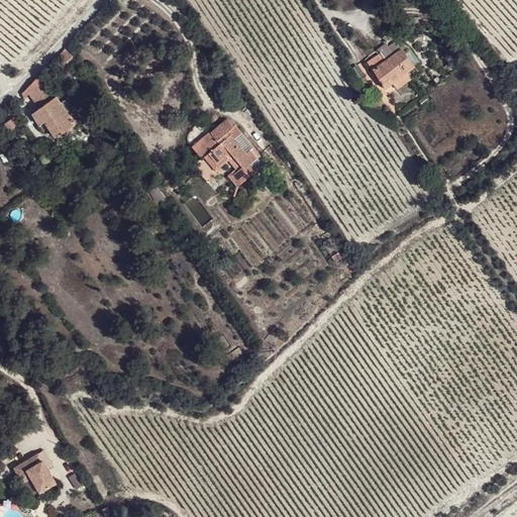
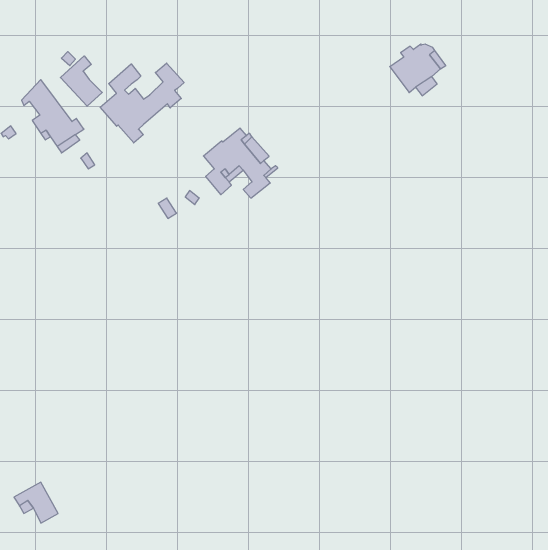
building: none -> [60,56,102,106]
building: none -> [100,63,184,143]

